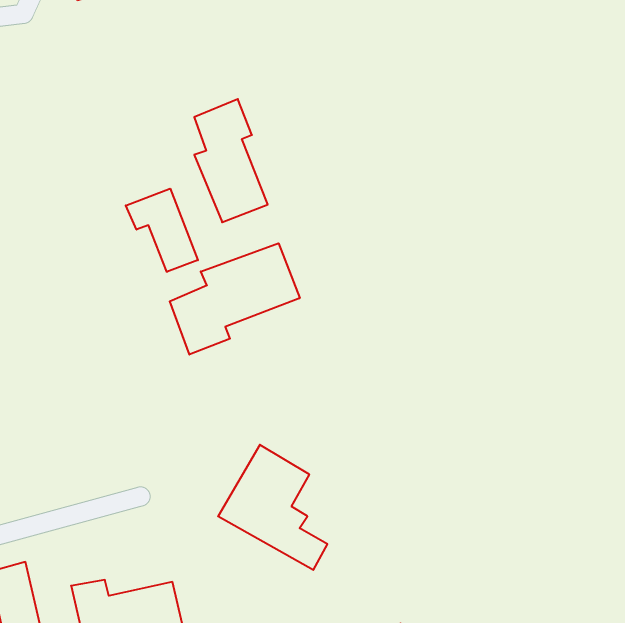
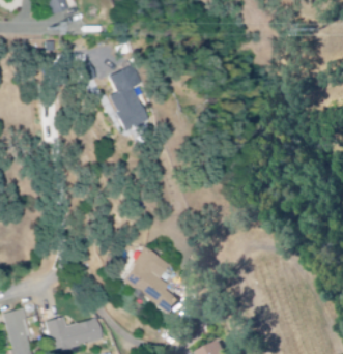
building: [126,189,198,272] -> none
building: [170,243,300,355] -> none

